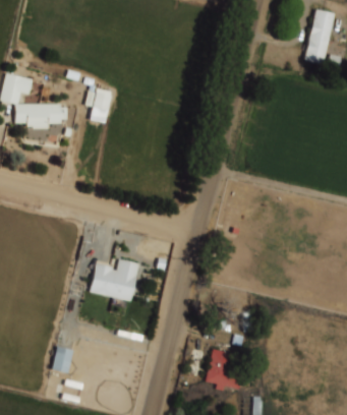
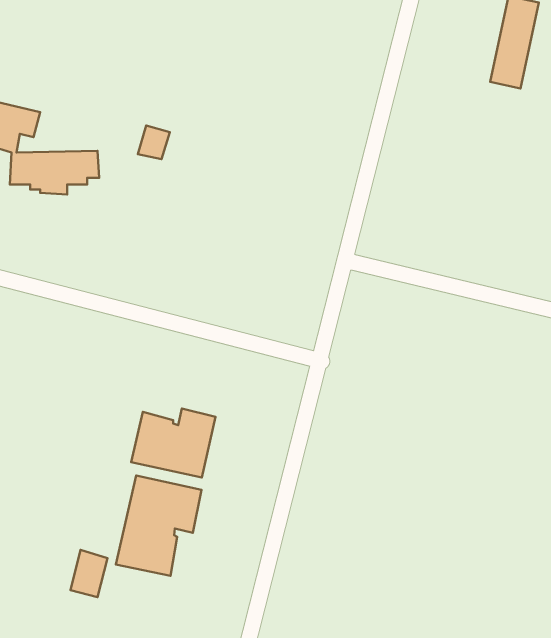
building: none -> [116,475,201,576]
building: [205,348,244,390] -> none

